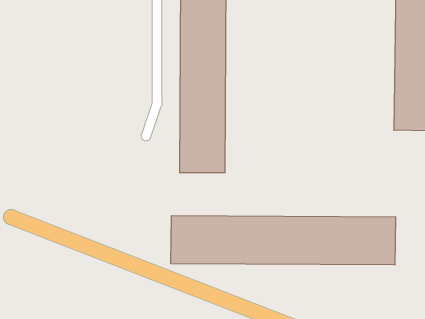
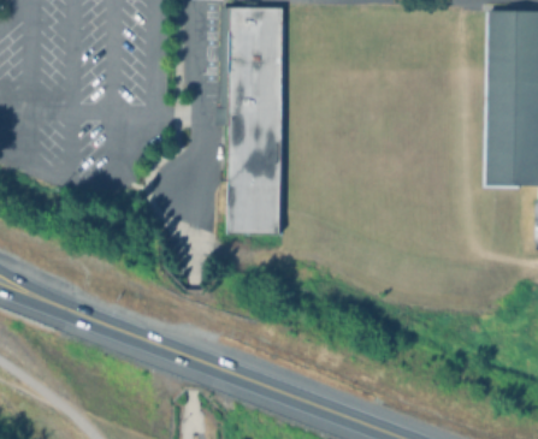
building: [171,216,395,265] -> none

